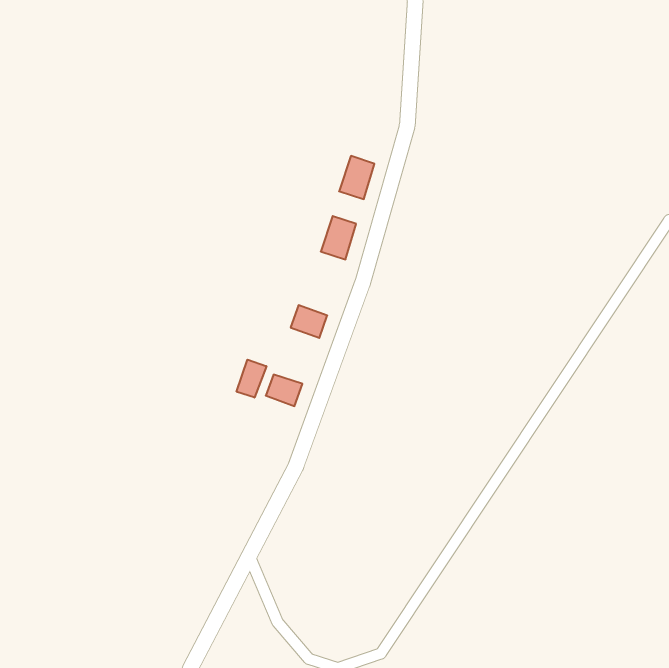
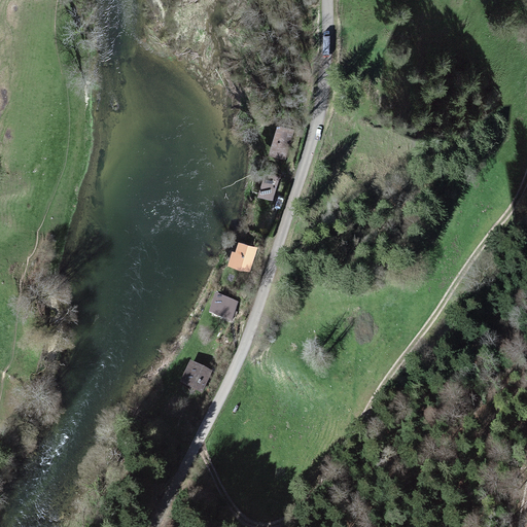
building: [237,360,266,398] -> none
building: none -> [181,362,209,389]

